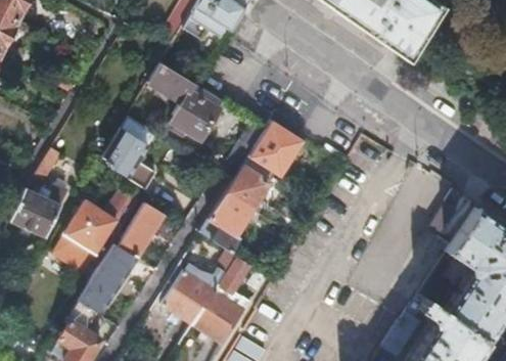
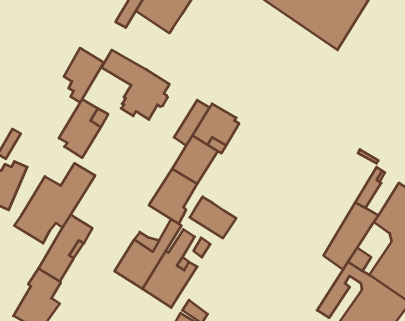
building: none -> [64,48,104,102]
building: [119,202,164,257] -> none
building: none -> [190,197,236,238]

